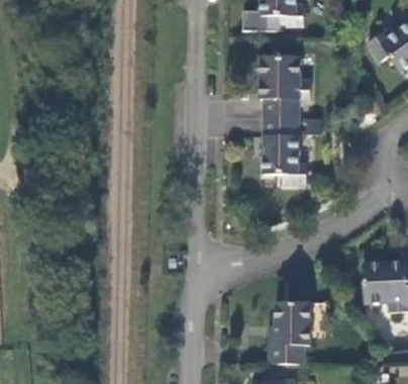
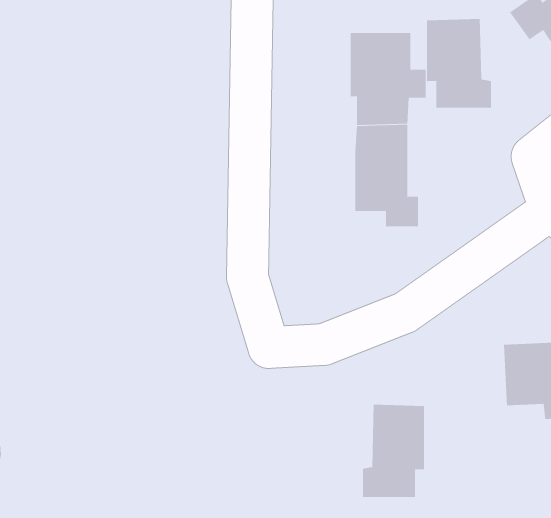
building: none -> [427,18,491,109]

